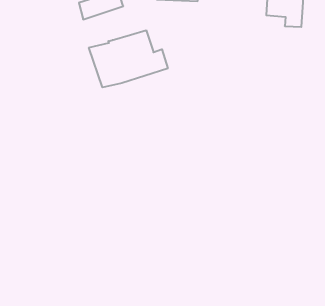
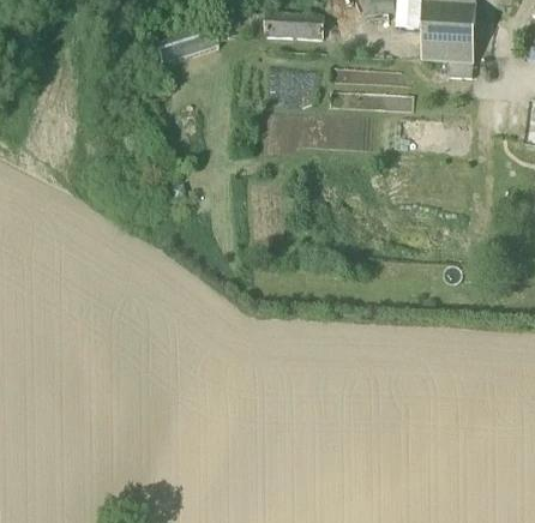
building: [89,30,168,87] -> none

